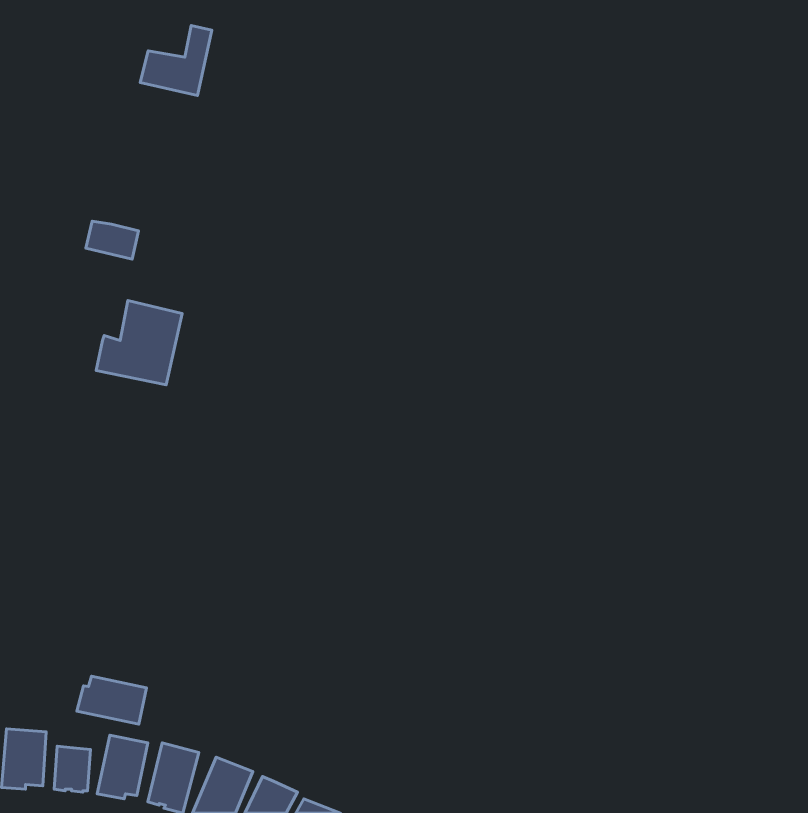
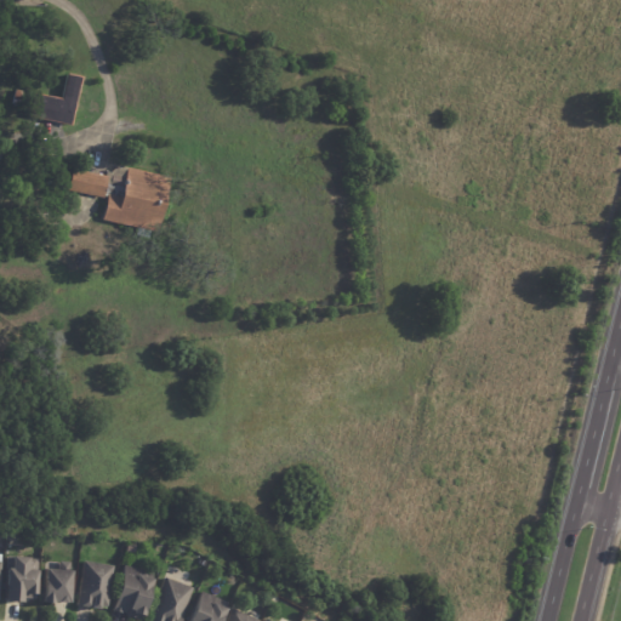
building: [140,25,212,95] -> [29,72,84,125]
building: [96,301,182,385] -> [108,167,173,232]
building: [77,676,147,724] -> none

